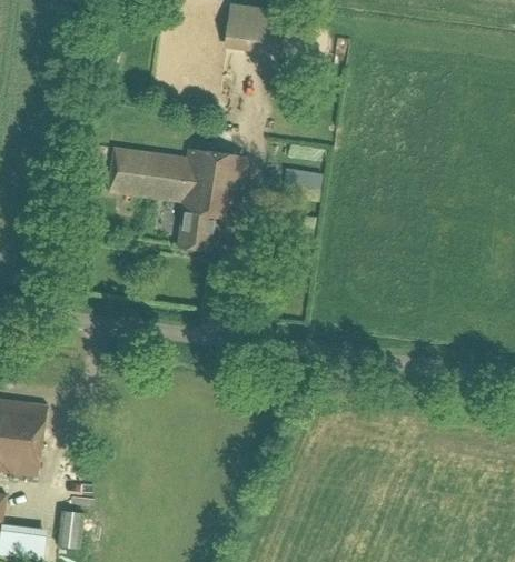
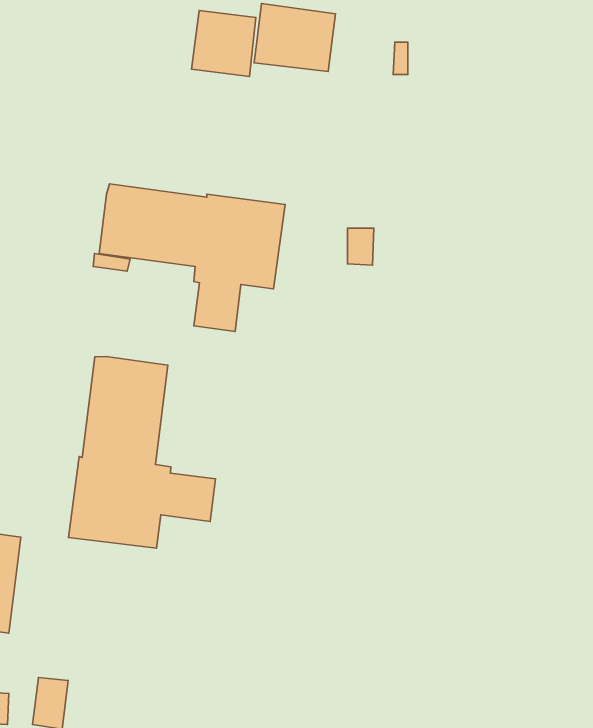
building: none -> [191,10,256,76]
building: none -> [68,357,215,548]

